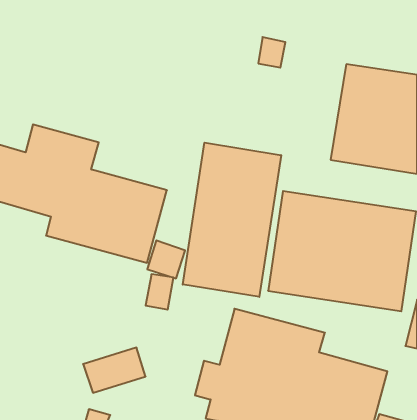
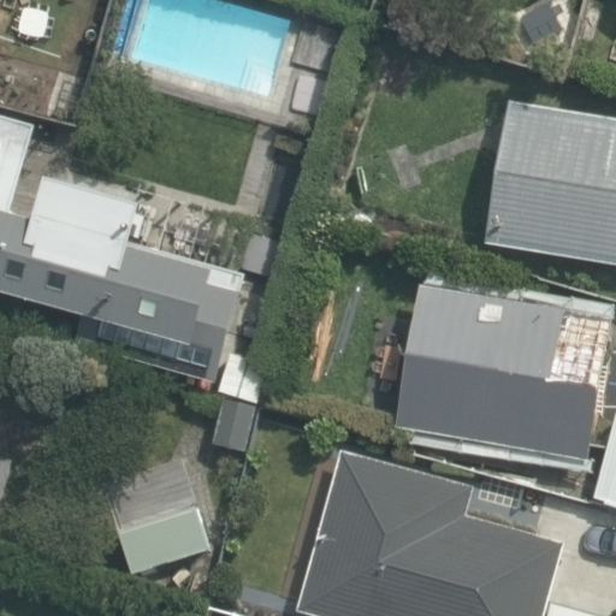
building: [183,143,281,297] -> none

